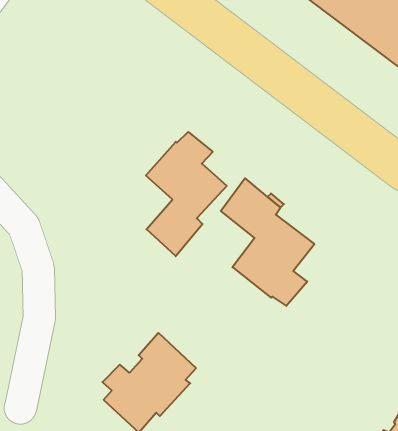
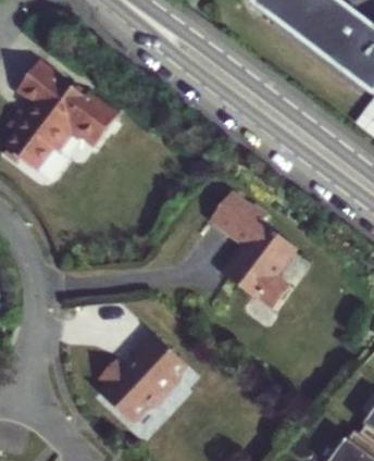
building: none -> [10,60,123,169]
building: [146,132,227,256] -> none

